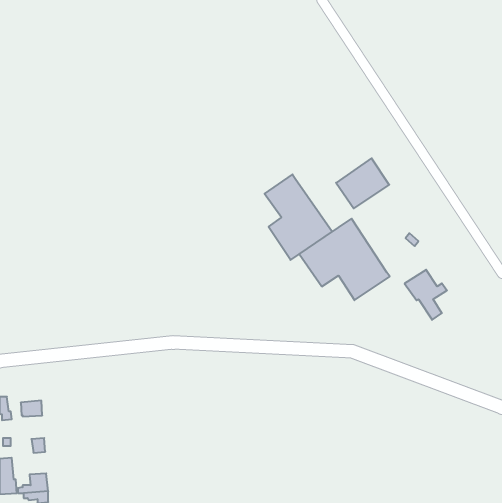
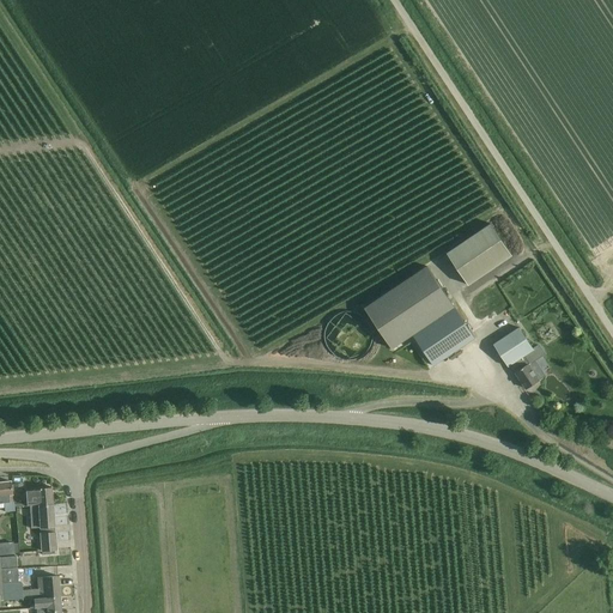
building: [336,158,389,208] -> [447,223,511,284]
building: [265,174,332,260] -> none
building: none -> [28,505,53,528]

